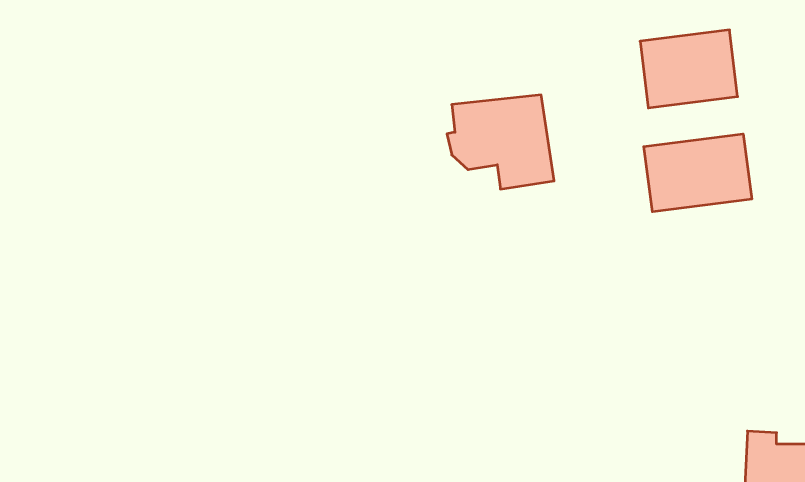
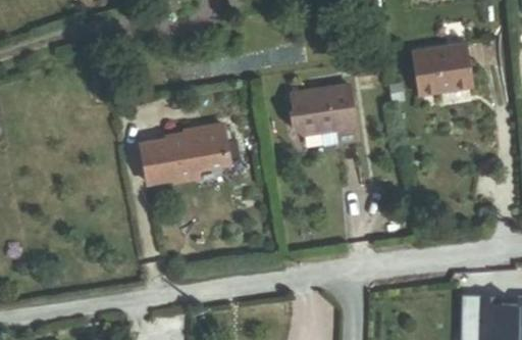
building: [644,134,752,212] -> none
building: none -> [141,123,228,182]

